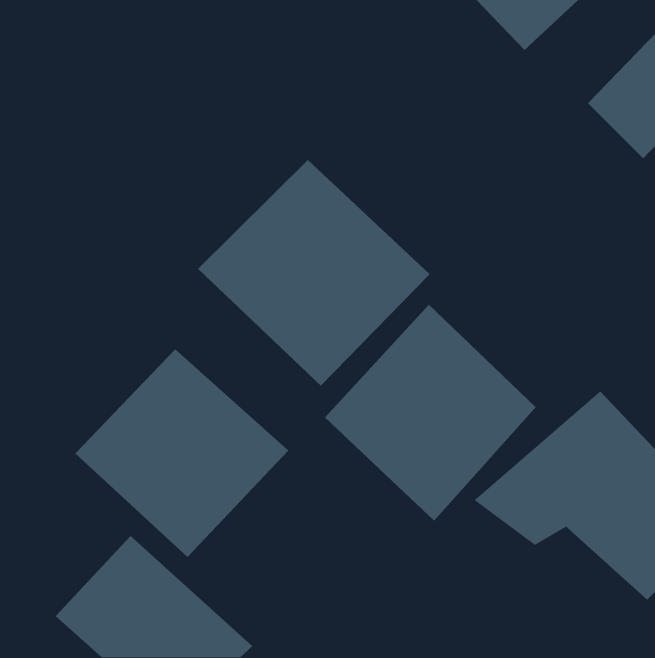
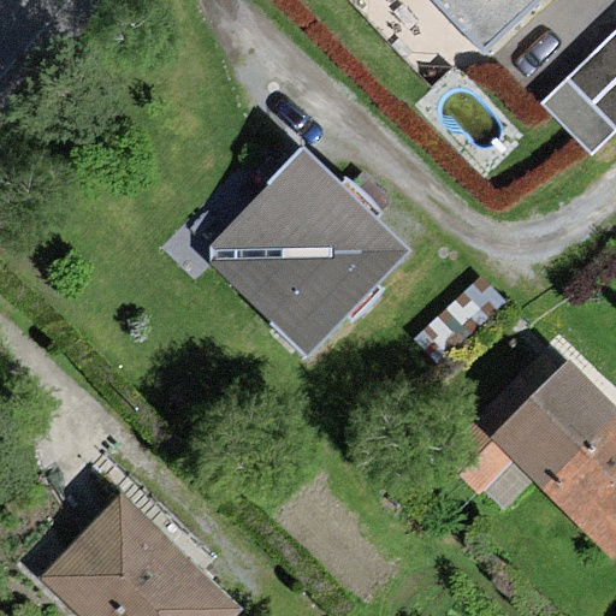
building: [324,304,536,522] -> none
building: [74,349,289,558] -> none

